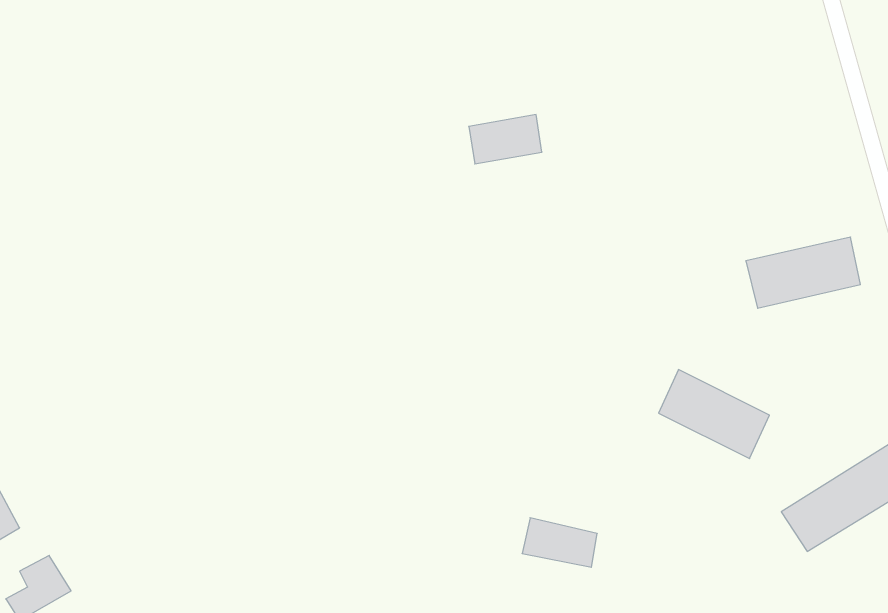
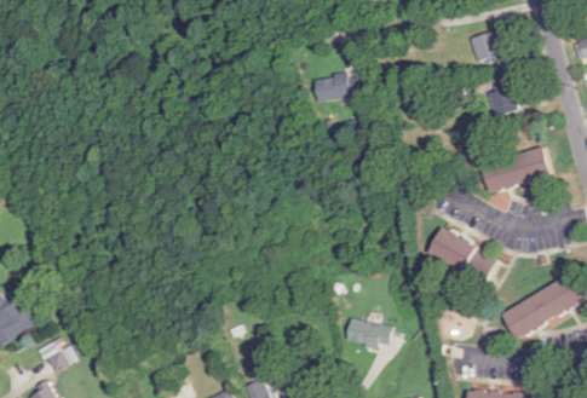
building: none -> [467,30,501,62]
building: none -> [484,85,518,116]

